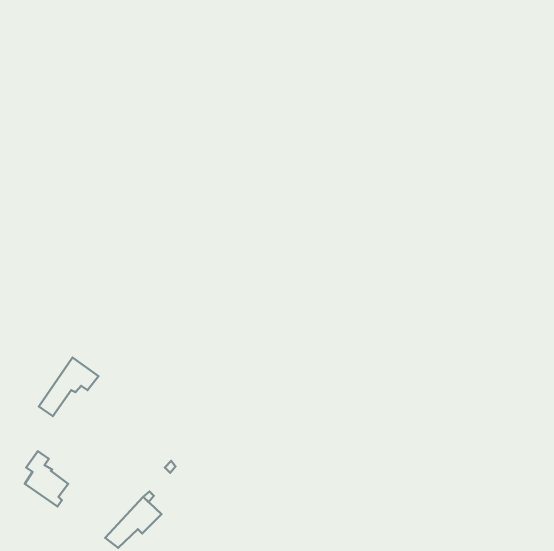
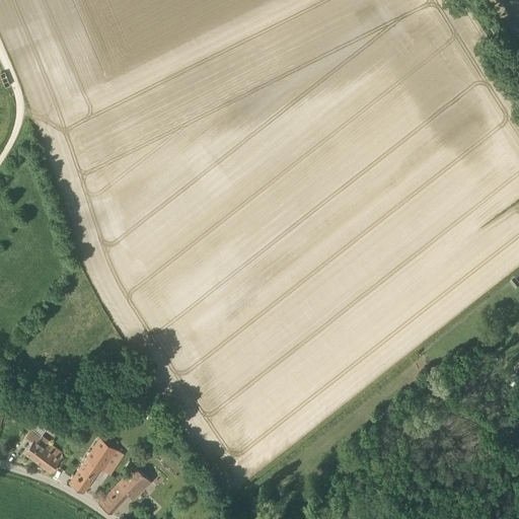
building: [39,358,98,416] -> [69,440,125,495]

